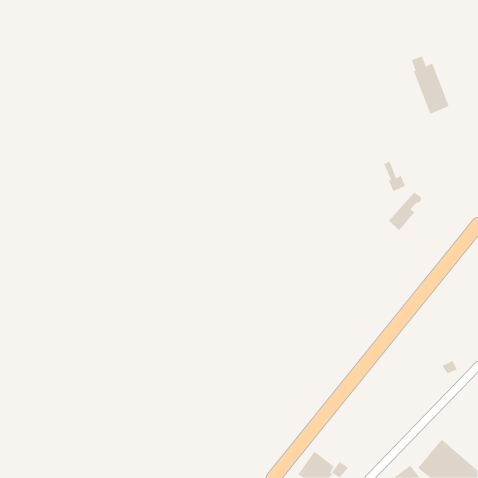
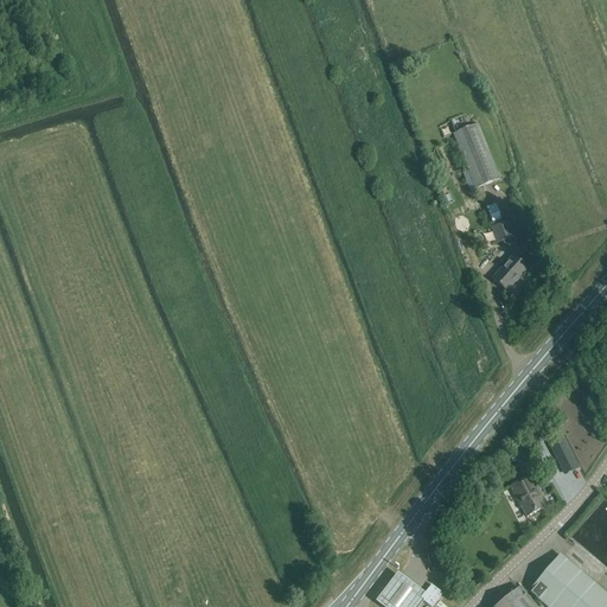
building: [411,56,450,114] -> [451,115,499,190]
building: none -> [509,472,544,517]

